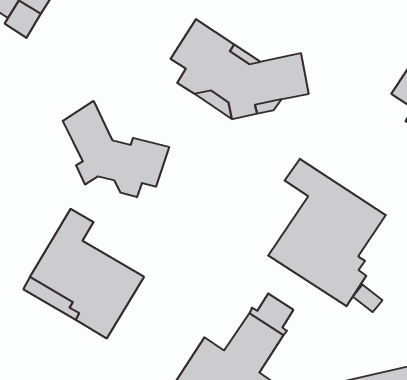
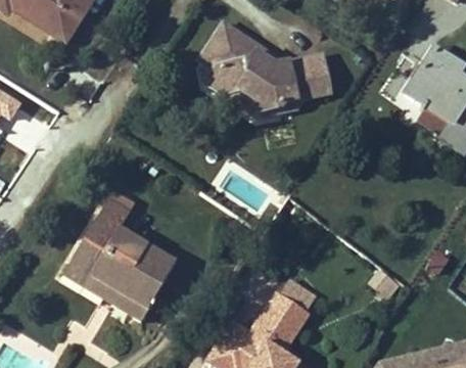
building: [63,101,169,197] -> none
building: [268,159,386,306] -> none

